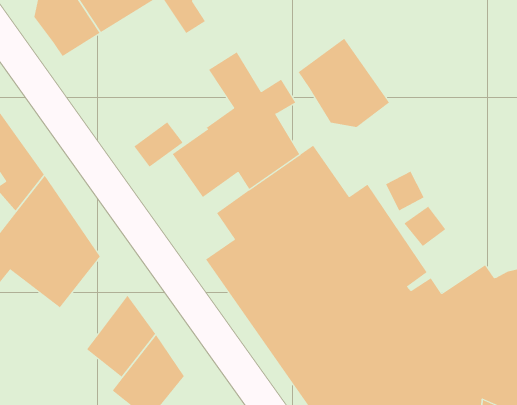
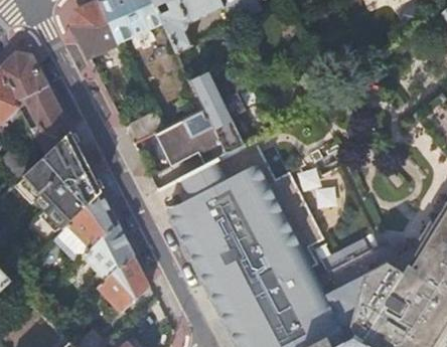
building: [298,38,390,128] -> none
building: none -> [64,197,113,252]

